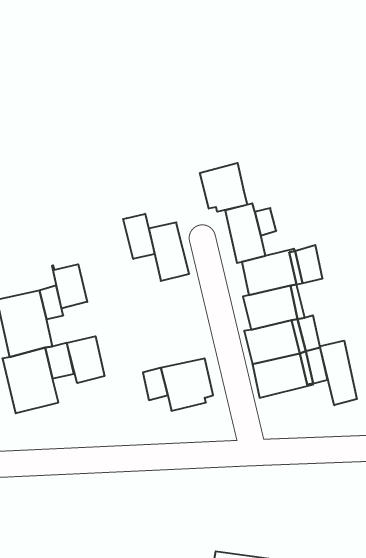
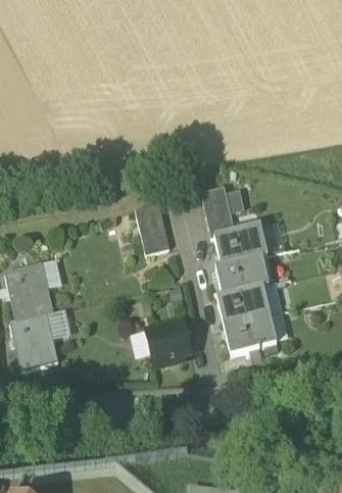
building: [200,163,247,212] -> none
building: [123,214,155,259] -> none
building: [52,264,87,308] -> none
building: [67,336,104,383] -> none
building: [320,341,357,405] -> none

